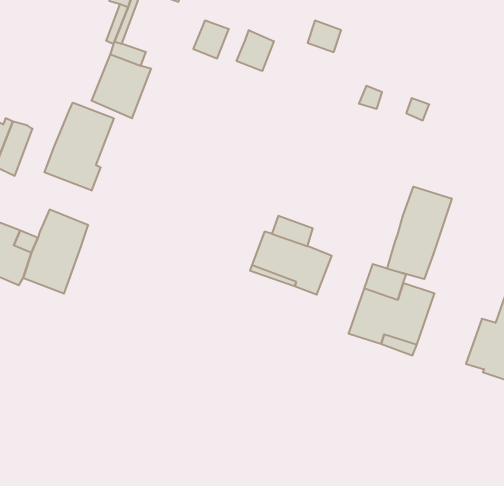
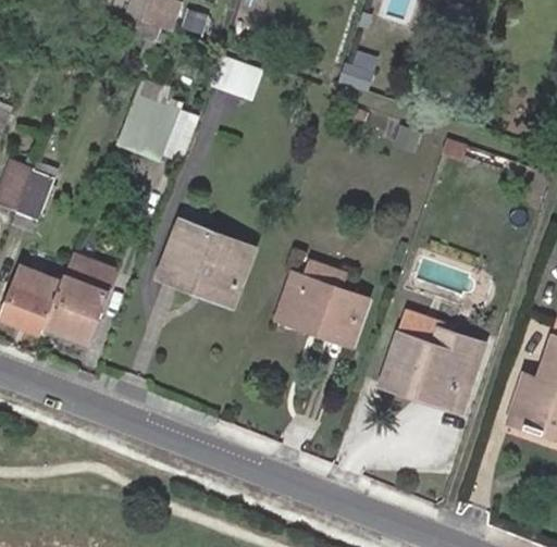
building: [237,30,274,71] -> none
building: [44,103,114,191] -> none
building: none -> [170,223,258,308]
building: [387,187,452,279] -> none

